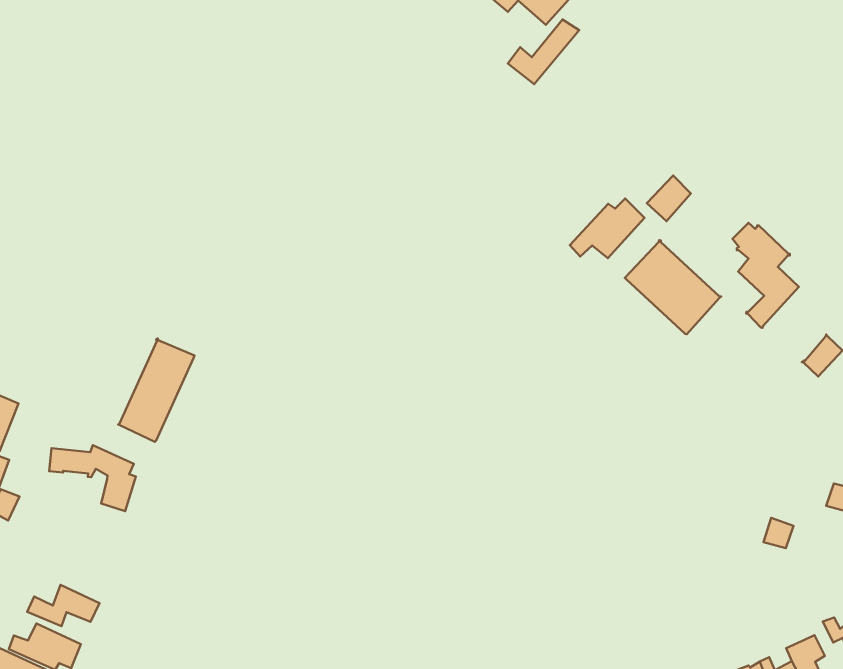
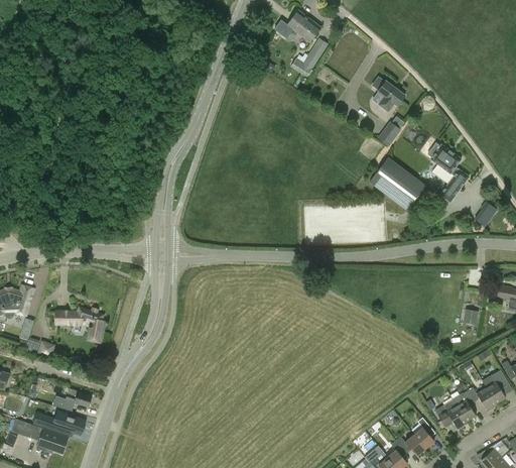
building: none -> [371,77,405,111]
building: [570,198,645,258] -> none
building: [118,339,194,442] -> none

